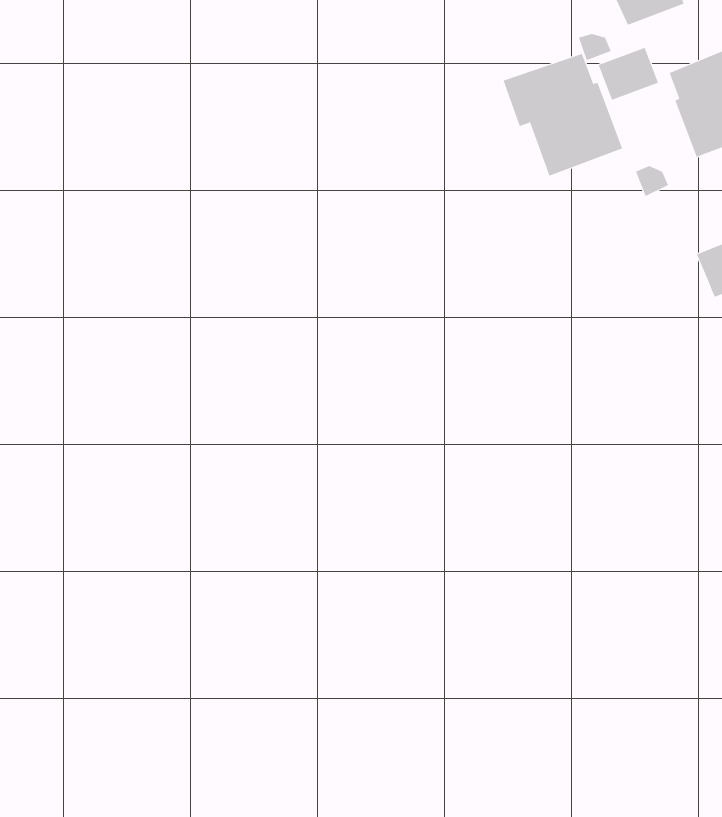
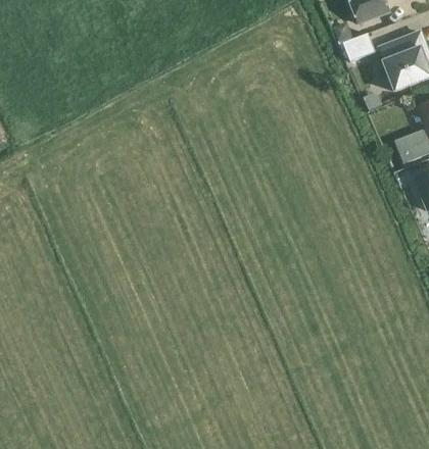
building: [503,53,623,176] -> none

